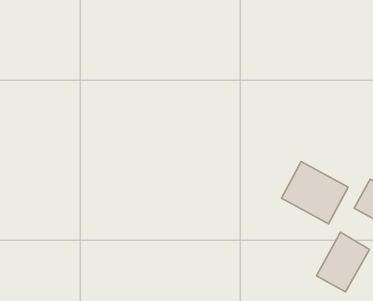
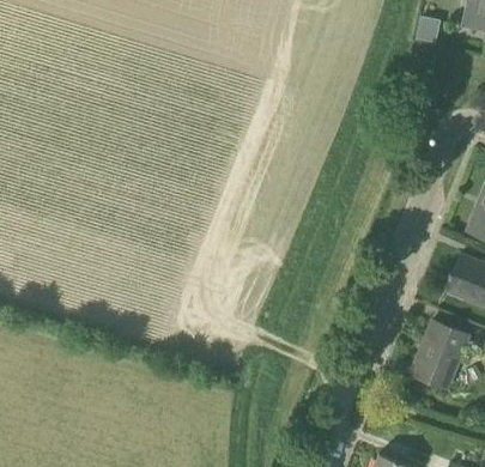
building: [282,162,348,224] -> none

